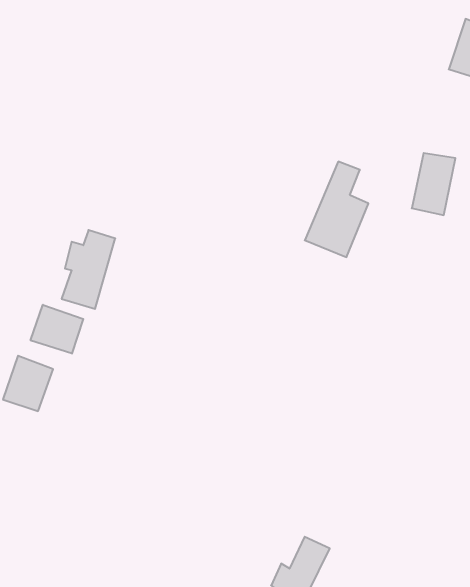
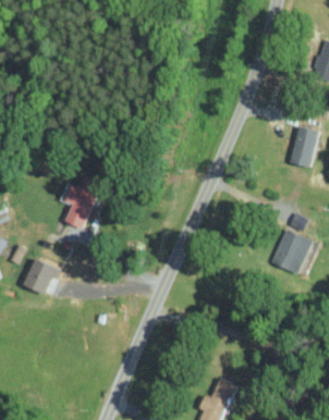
building: [305,162,368,257] -> [270,214,312,276]
building: [31,305,83,354] -> none

